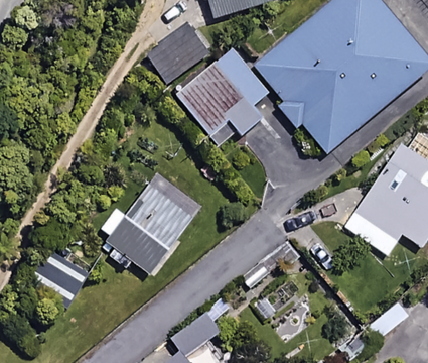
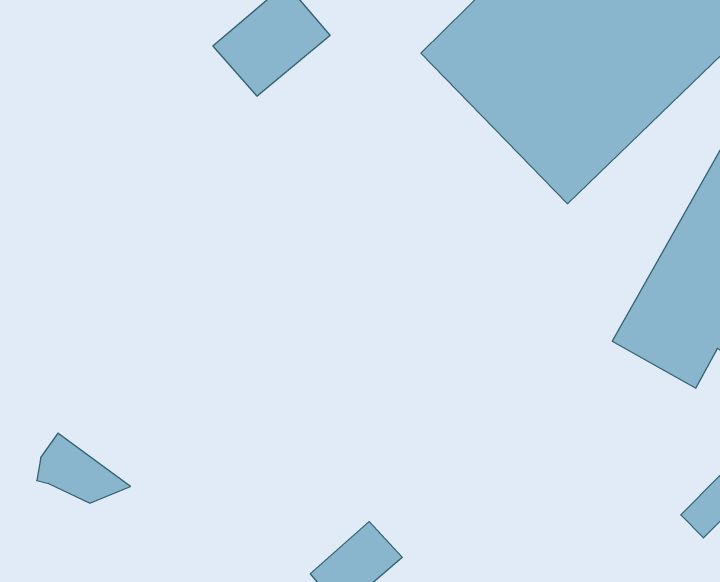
building: [174,48,267,136] -> none
building: [97,175,198,272] -> none

